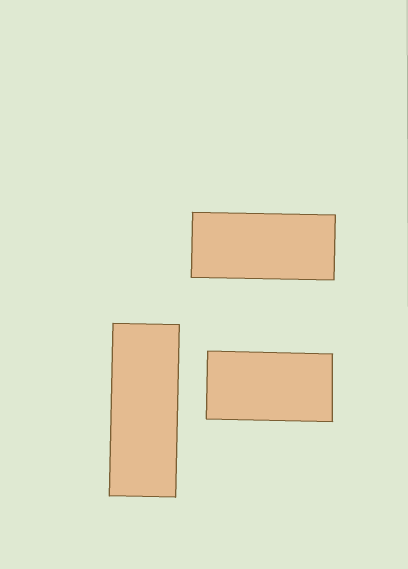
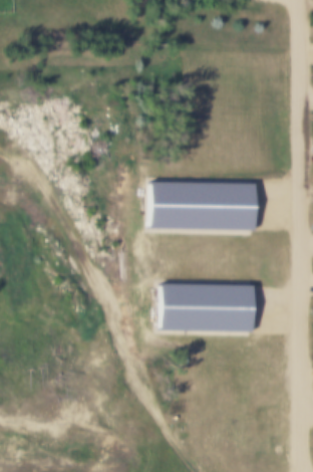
building: [109,323,179,497] -> none

